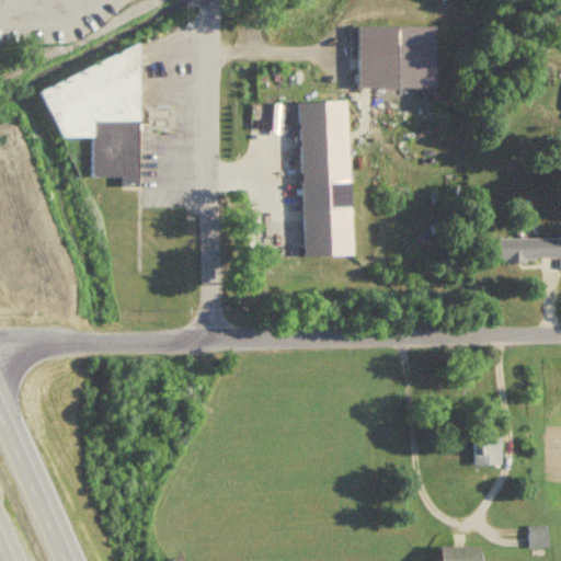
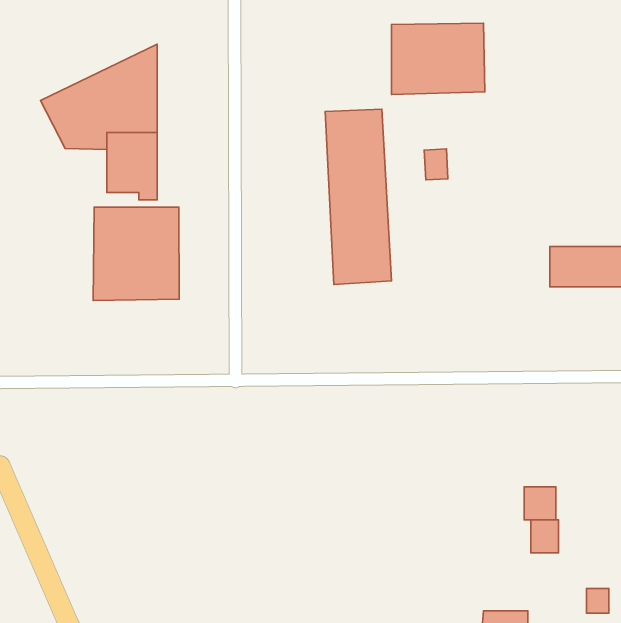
building: none -> [424,149,448,180]
building: none -> [93,207,179,300]
building: none -> [531,520,558,553]

